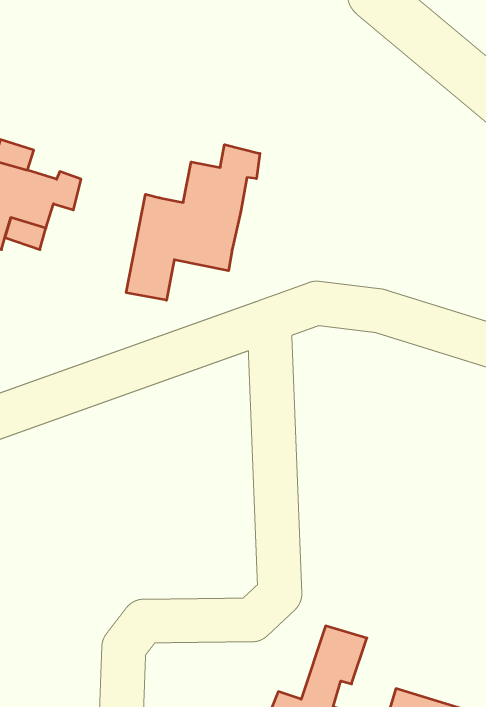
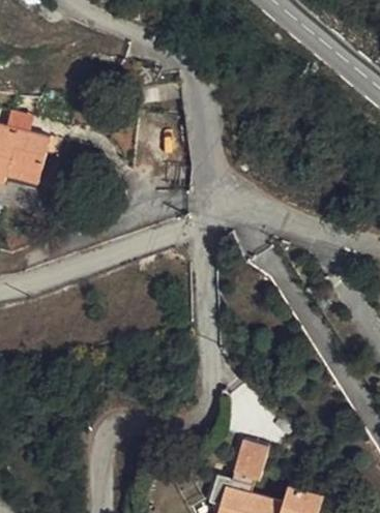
building: [126,145,260,300] -> none

